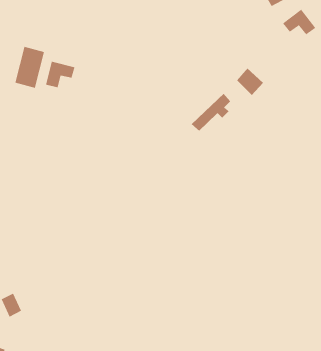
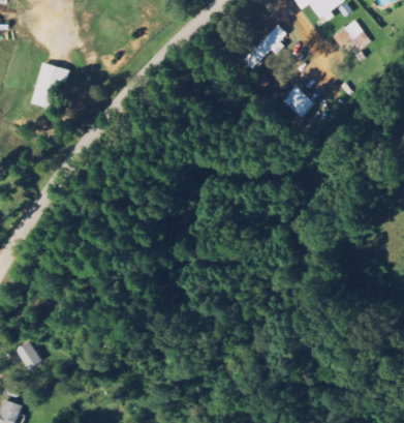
building: [46,61,75,88] -> none
building: [191,93,231,131] -> [241,25,286,68]

